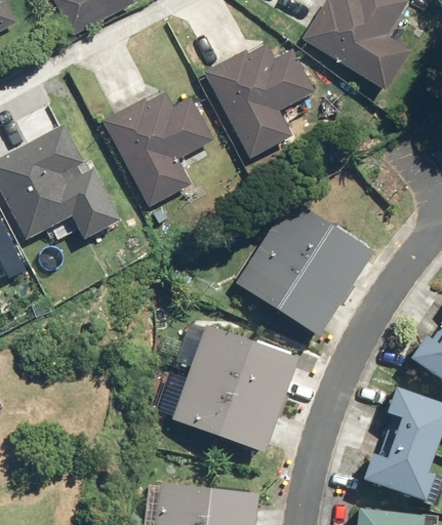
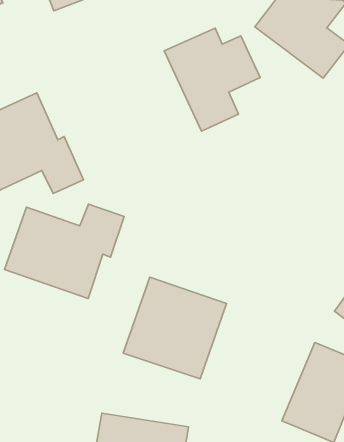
building: [97,90,209,208] -> none
building: [238,206,366,334] -> none
building: none -> [4,204,124,298]

